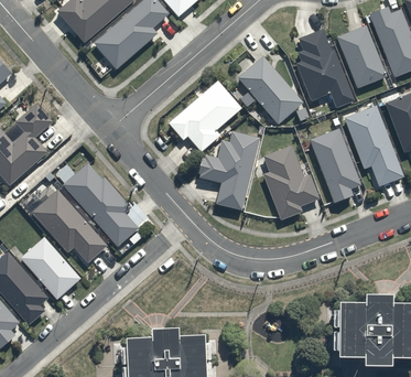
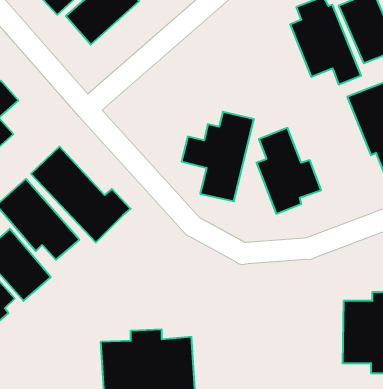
building: [238,56,303,122] -> none
building: [166,78,242,152] -> none
building: [309,125,363,205] -> none

